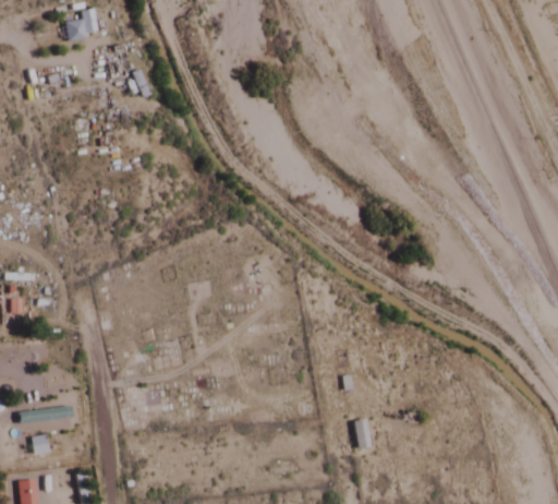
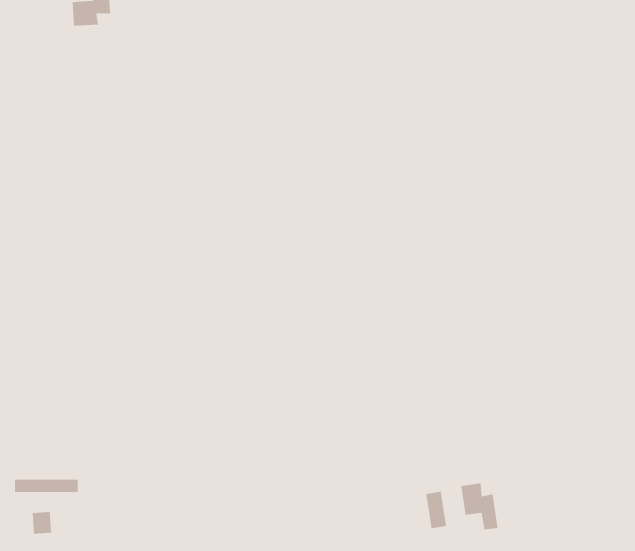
building: none -> [461,482,498,530]

